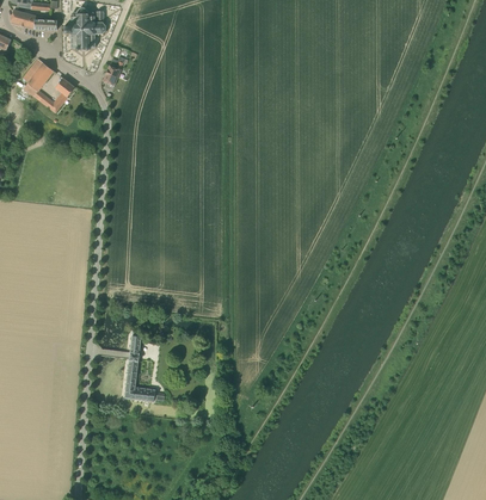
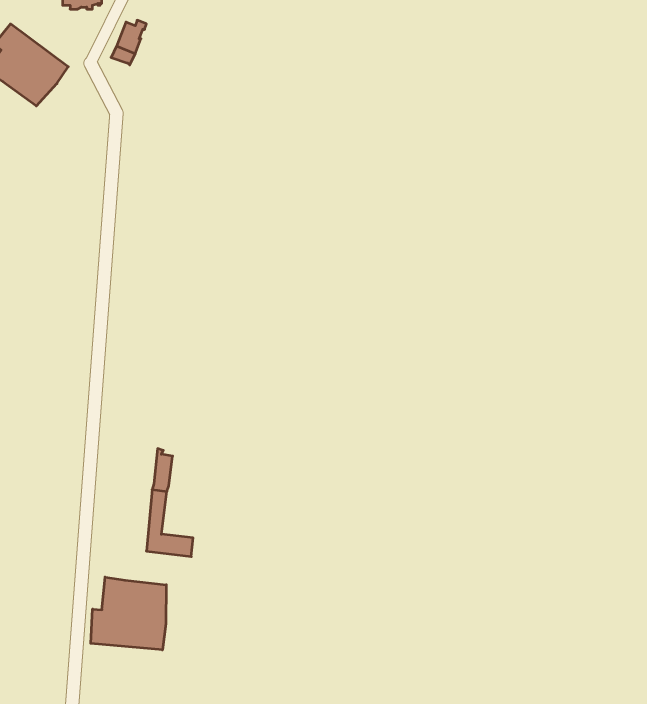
building: none -> [91,577,166,650]

